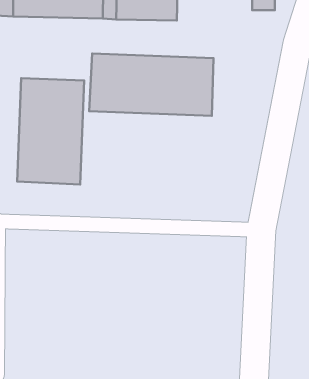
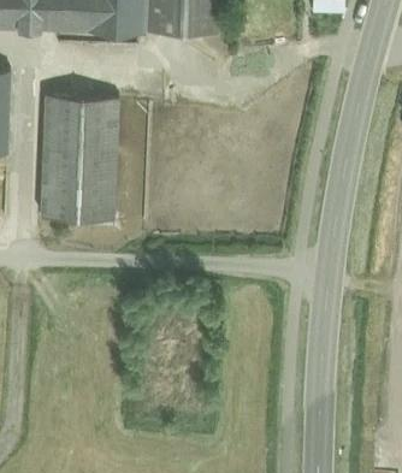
building: [89,53,214,116] -> none

